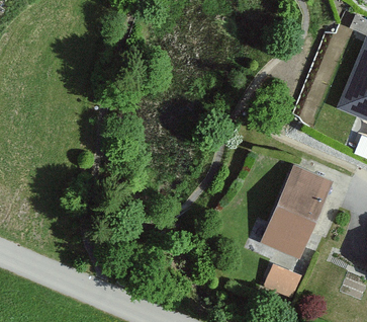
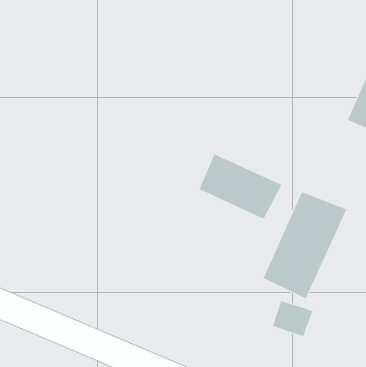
building: none -> [199,154,282,219]

